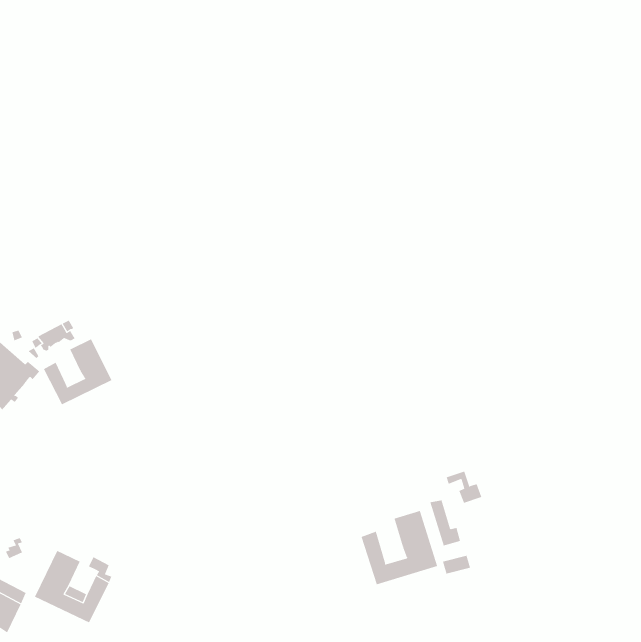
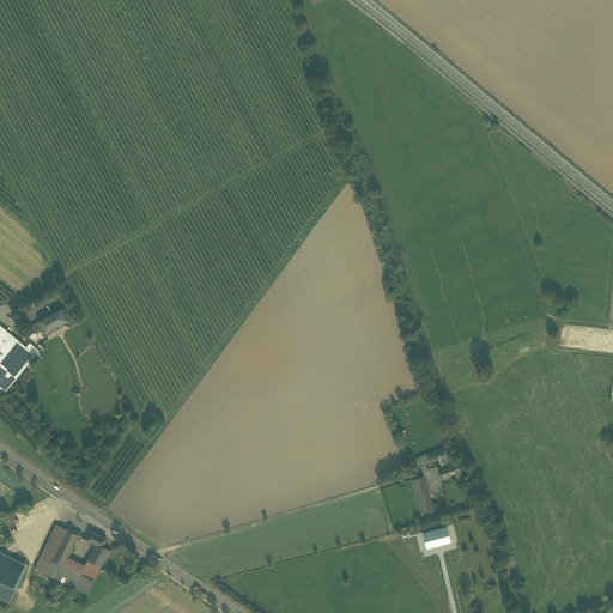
building: [43,339,112,405] -> none
building: [361,510,438,585] -> none

